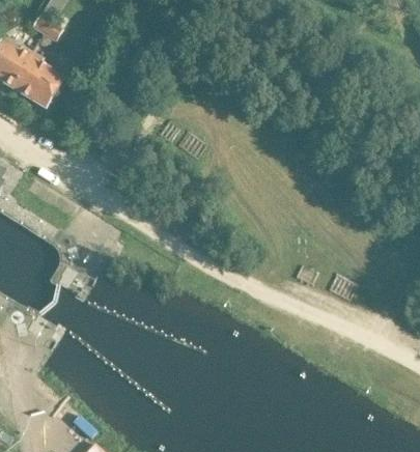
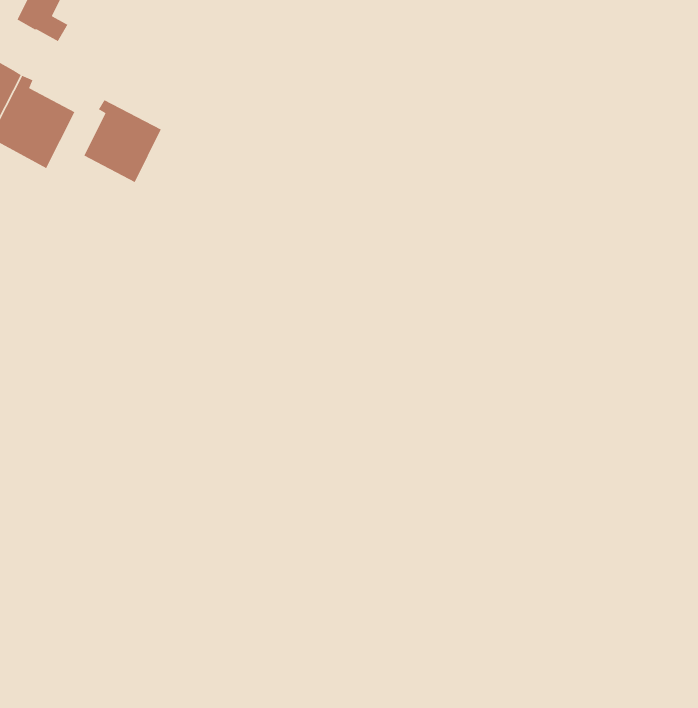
building: none -> [83,99,162,183]

